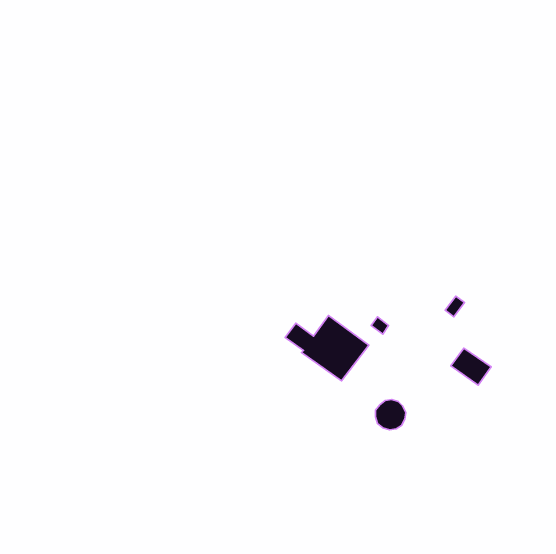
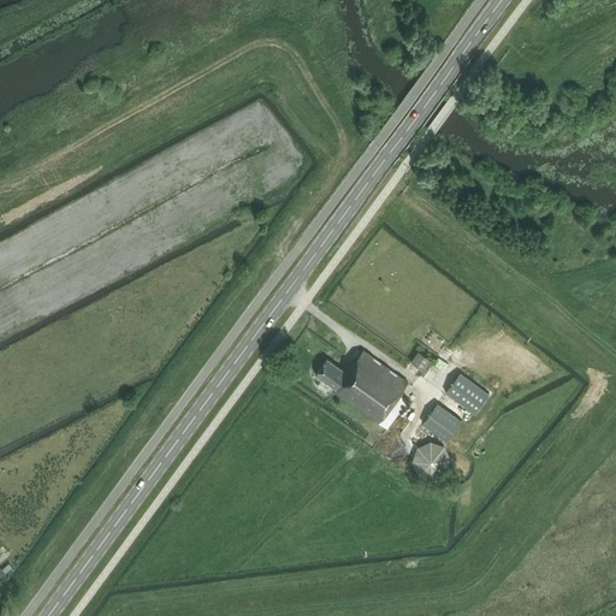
building: [451,348,491,385] -> [445,374,490,415]
building: none -> [422,404,458,440]

